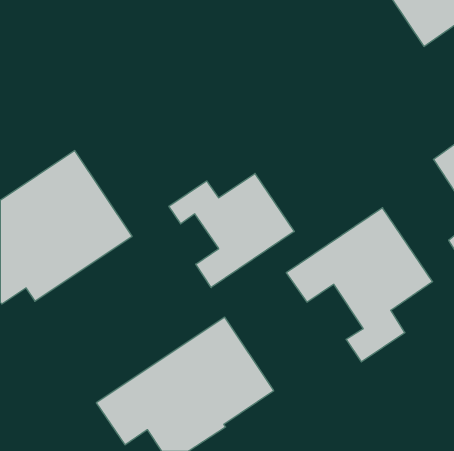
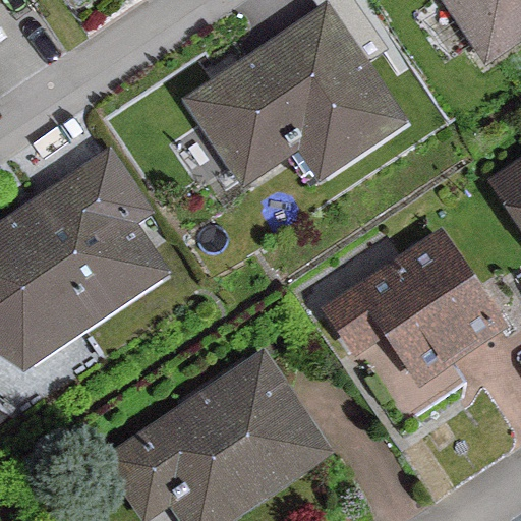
building: none -> [193,13,394,175]
building: [169,173,294,288] -> none

